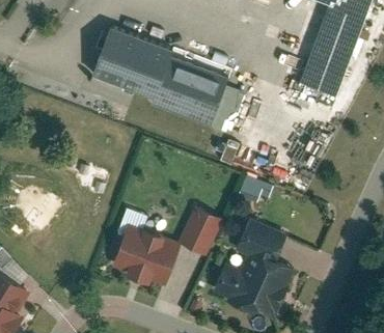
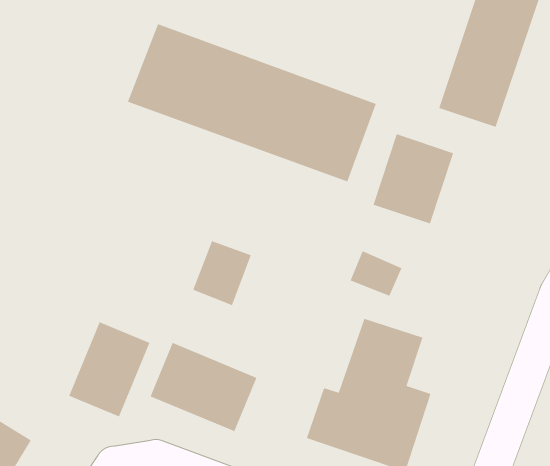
building: none -> [372,133,454,224]
building: [186,207,224,250] -> [192,240,252,306]
building: none -> [68,321,151,418]

